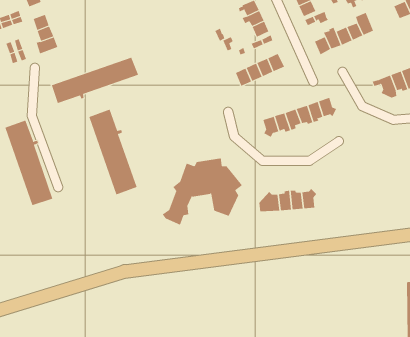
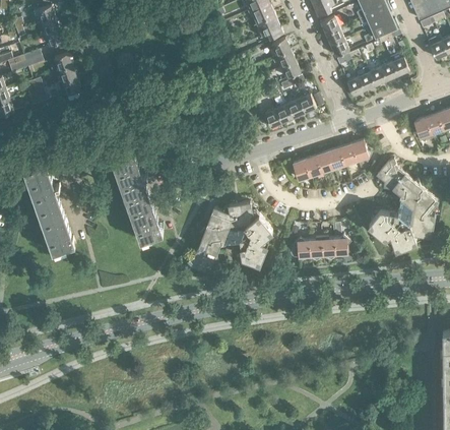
building: [51,57,139,104] -> none
building: none -> [368,159,436,249]

